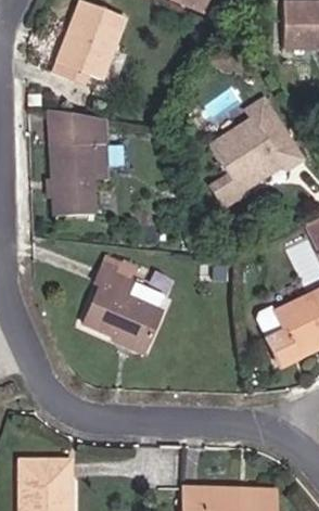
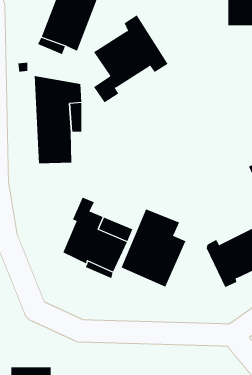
building: [210,98,302,205] -> [93,14,169,103]
building: none -> [121,208,186,288]

